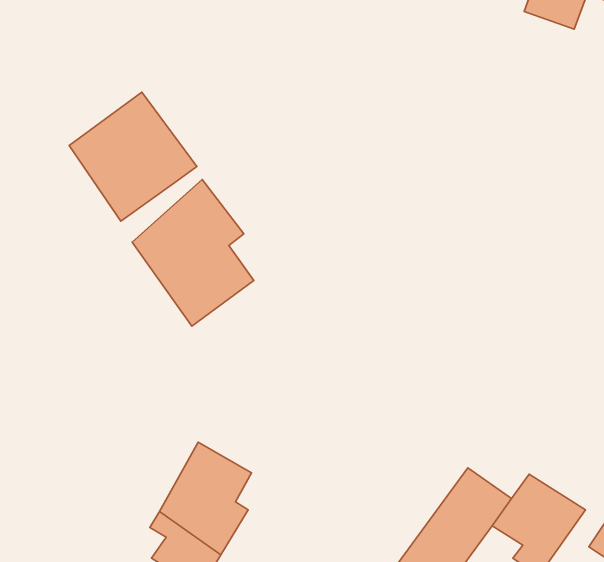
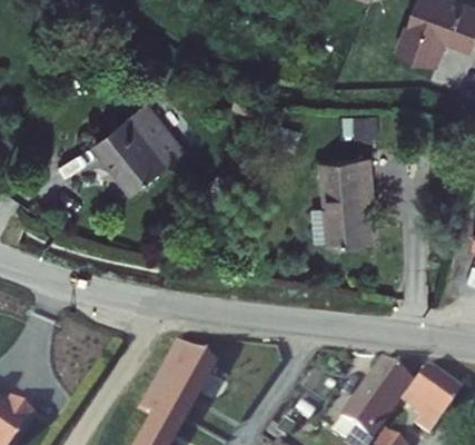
building: none -> [338,165,388,247]
building: [132,179,254,326] -> none

